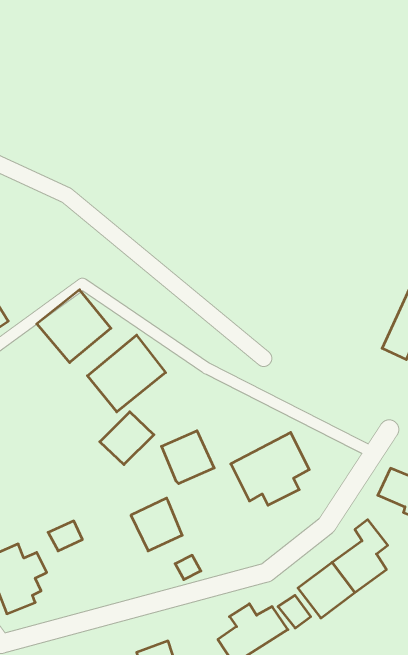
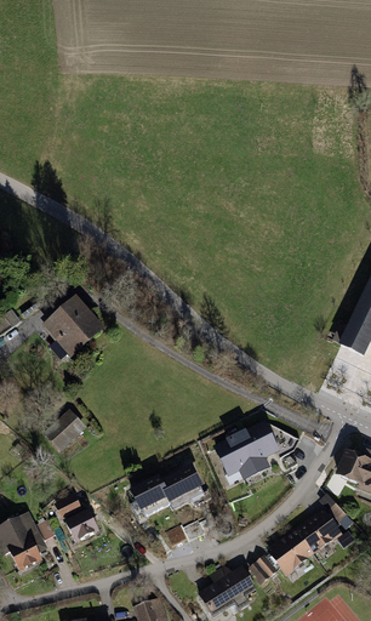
building: [87,335,166,412] -> none
building: [100,412,154,465] -> [42,408,89,452]
building: [161,431,214,484] -> [156,463,201,508]
building: none -> [64,512,99,545]

